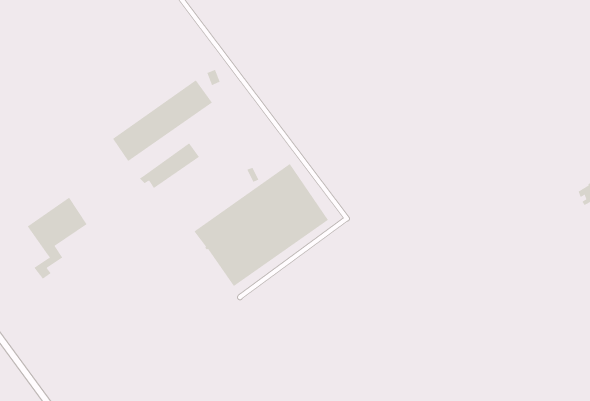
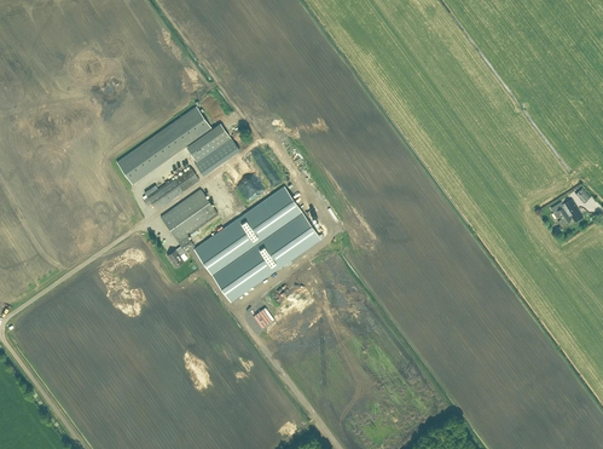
building: none -> [190,127,239,175]
building: [27,197,88,279] -> [161,189,218,266]

